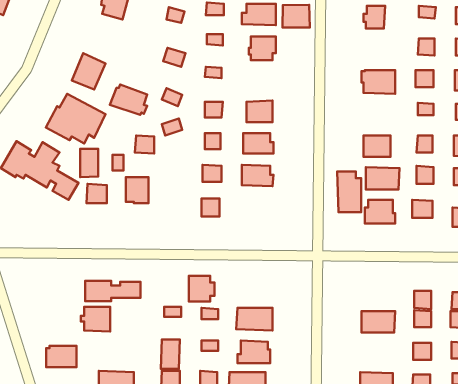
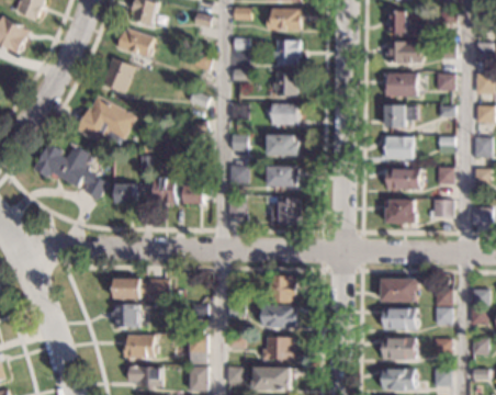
building: [282,5,310,28] -> none
building: none -> [385,42,420,63]
building: none -> [272,72,298,95]
building: [110,84,147,115] -> [116,29,153,58]
building: none -> [384,105,416,126]
building: [80,149,98,177] -> none
building: [337,172,361,212] -> none
building: none -> [184,174,204,203]
building: none -> [270,199,300,225]
building: [189,276,215,302] -> [270,276,295,302]
building: none -> [381,279,419,302]
building: none -> [382,338,414,359]
building: [46,346,77,367] -> [123,336,153,357]

